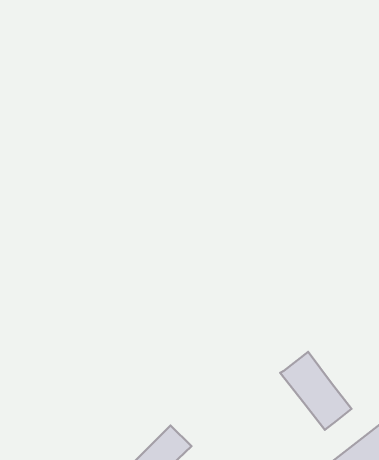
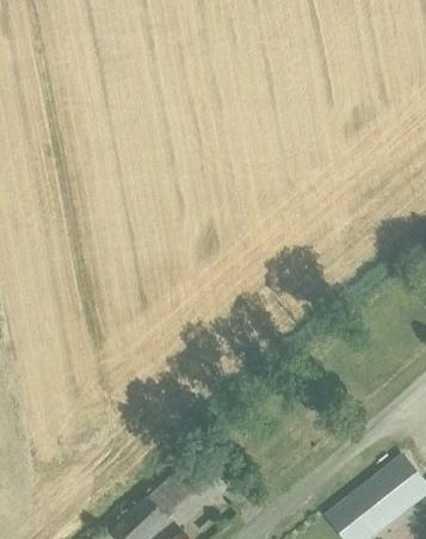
building: [280,352,352,430] -> none

